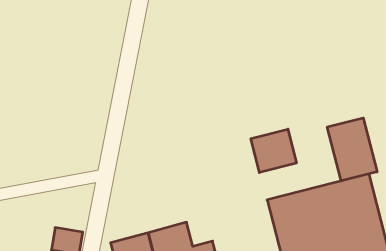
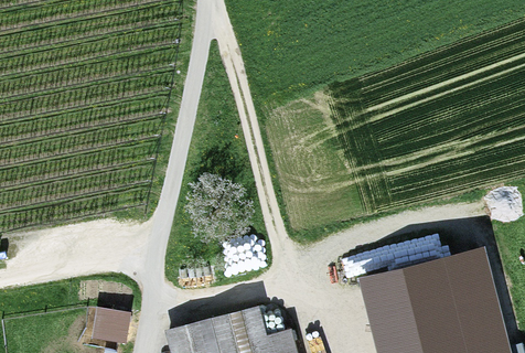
building: [327,118,377,181] -> none
building: [251,129,296,173] -> none

